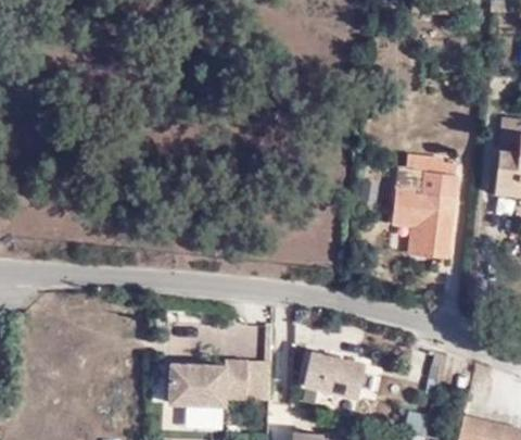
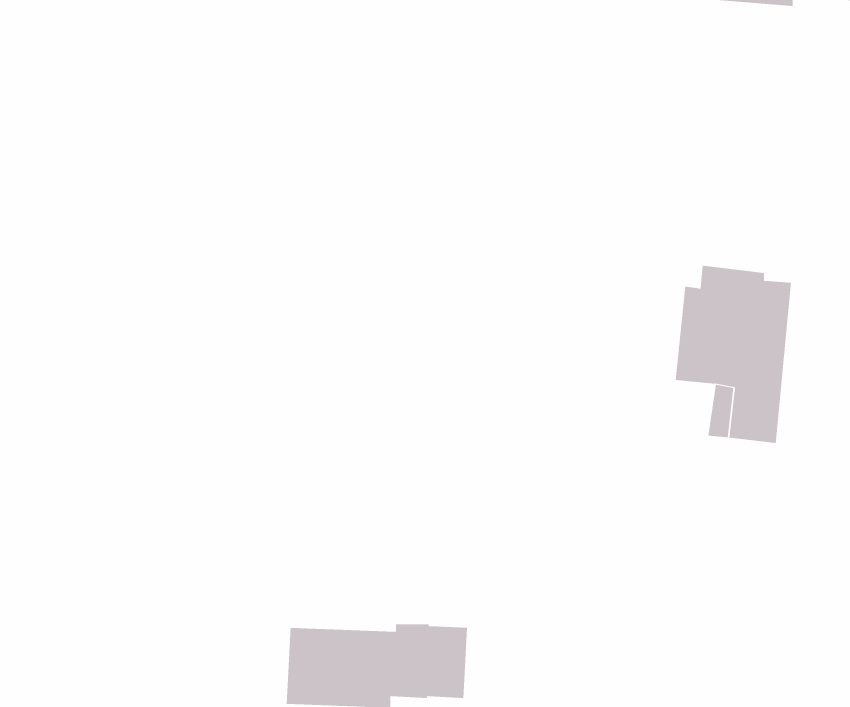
building: [306,351,369,401] -> none

